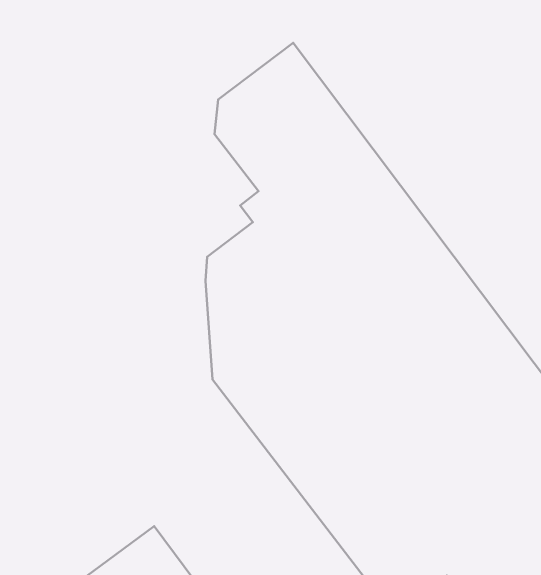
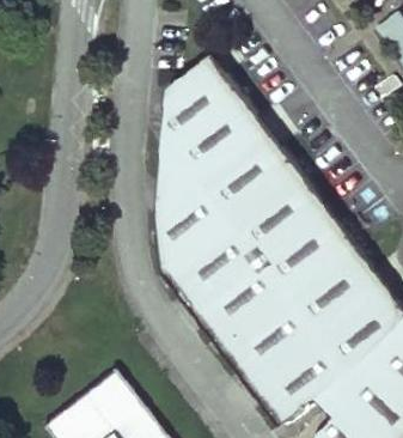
building: none -> [155,114,189,194]

